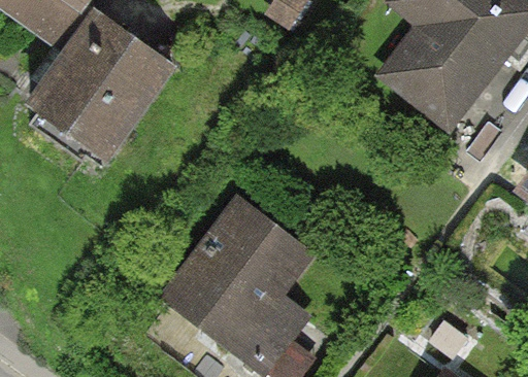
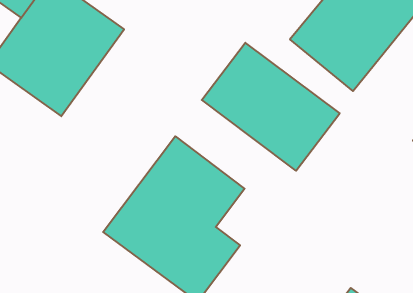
building: none -> [202,43,340,171]

